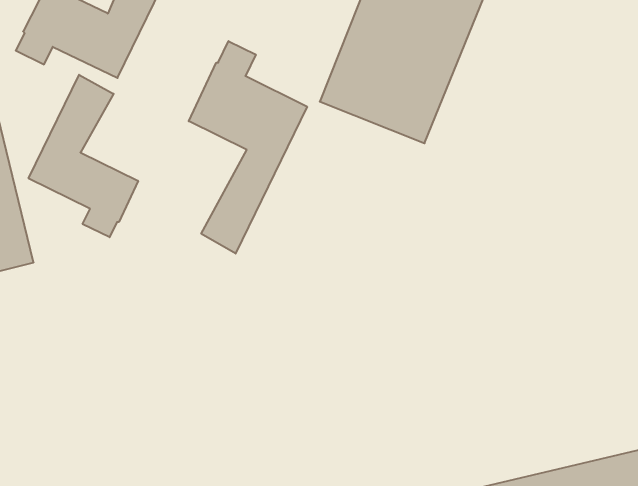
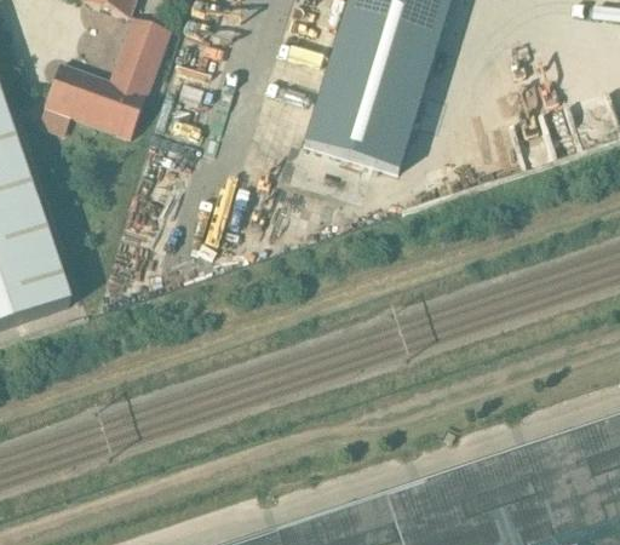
building: [189,41,307,254] -> none
building: [29,75,138,237] -> none

